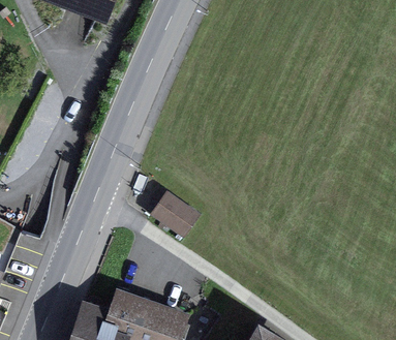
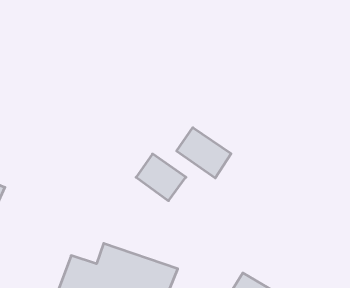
building: none -> [177,128,231,178]

